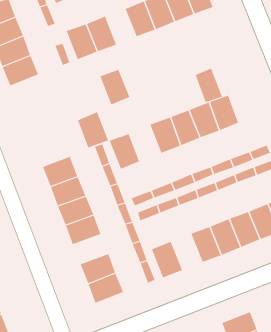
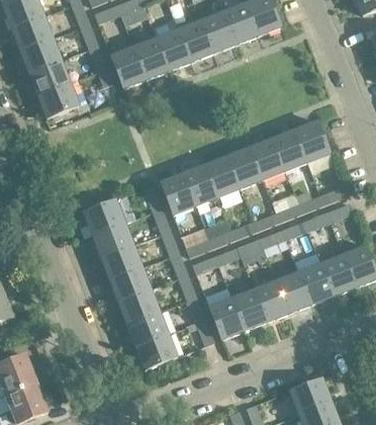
building: [195,68,223,103] -> [297,120,330,161]
building: [99,69,130,105] -> [156,29,191,71]
building: [77,111,109,148] -> [183,163,219,205]
building: none -> [231,288,267,331]
building: none -> [117,289,160,324]

